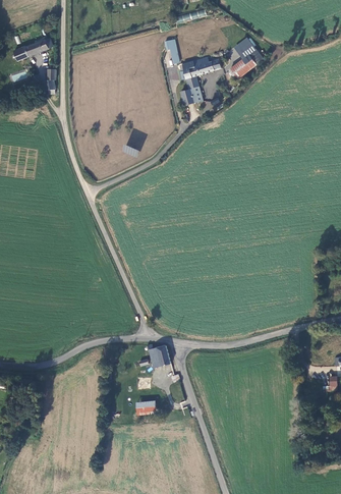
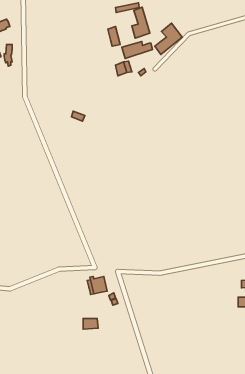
building: none -> [132,7,150,38]

